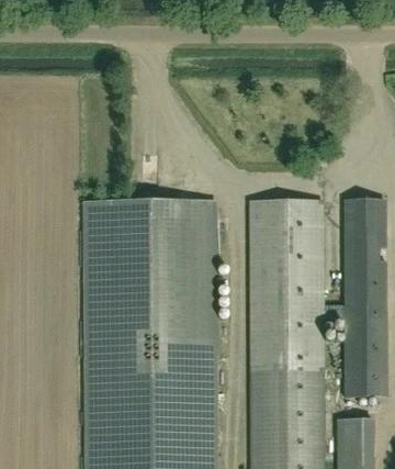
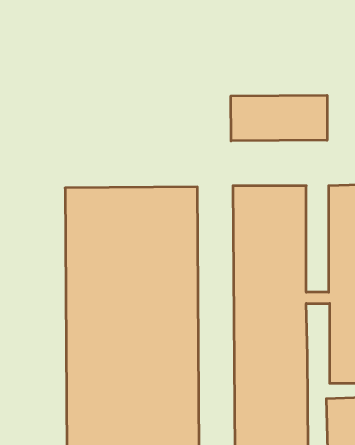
building: none -> [231,95,327,141]

